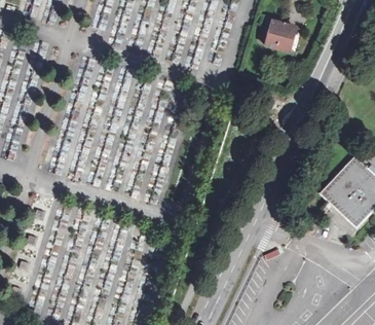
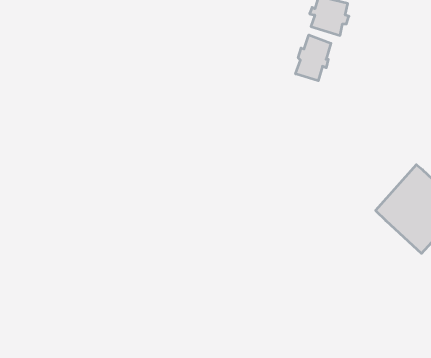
building: none -> [296,35,331,81]

